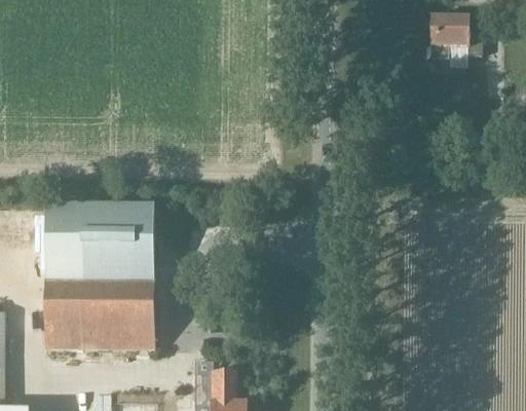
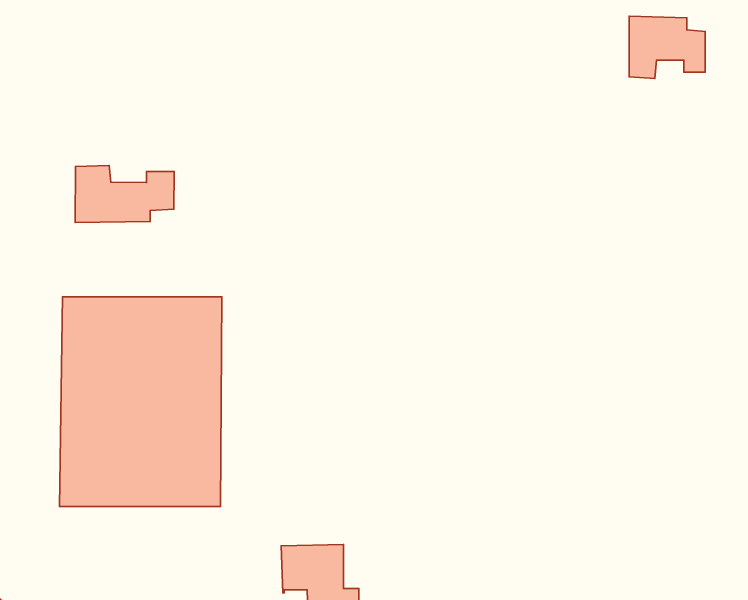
building: none -> [75,166,174,222]

